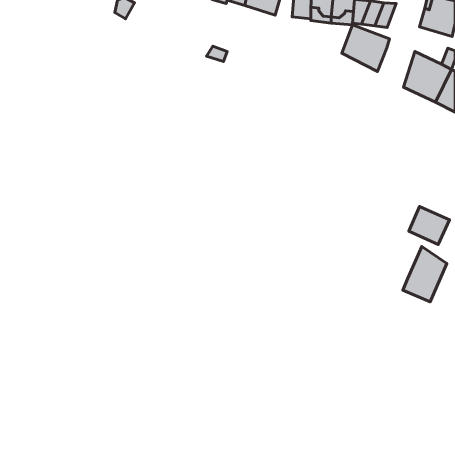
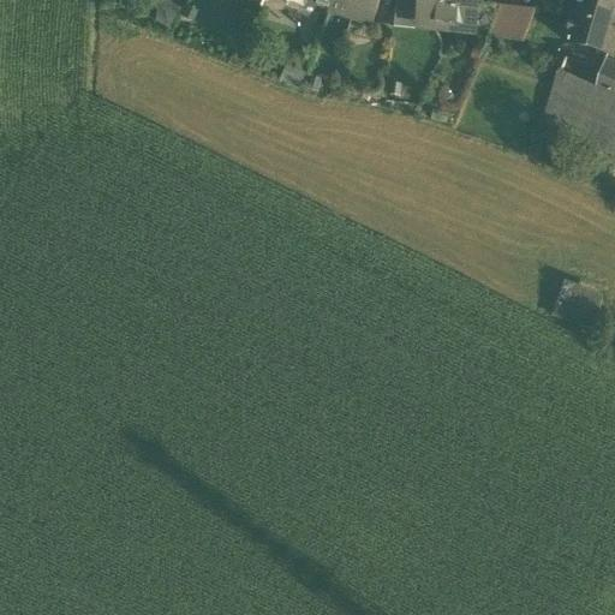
building: [342,25,389,71] -> none
building: none -> [560,54,604,86]
building: [403,246,447,302] -> none

